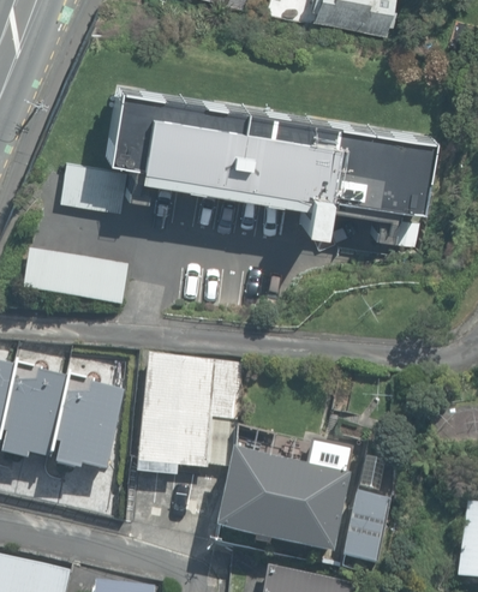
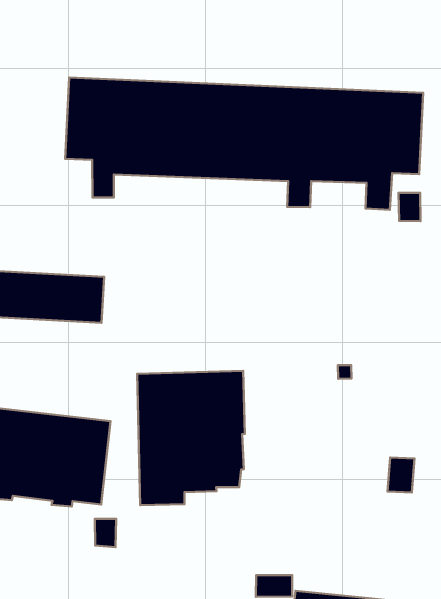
building: [61,163,127,211] -> none
building: [214,441,353,555] -> none
building: [342,492,393,563] -> none

